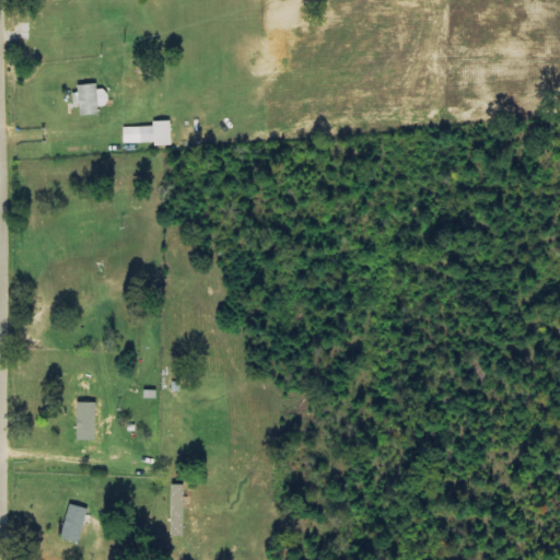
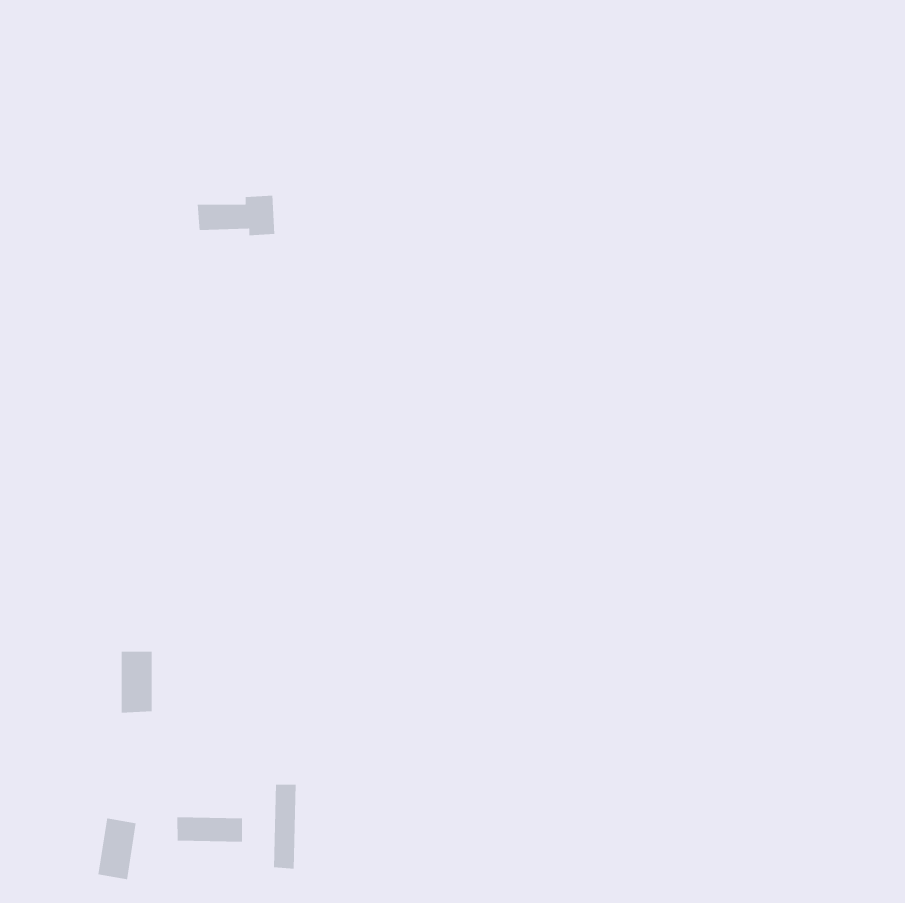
building: [75,82,107,115] -> none
building: none -> [177,816,243,843]

